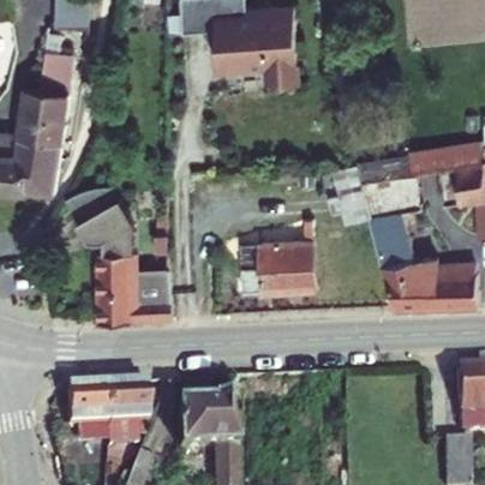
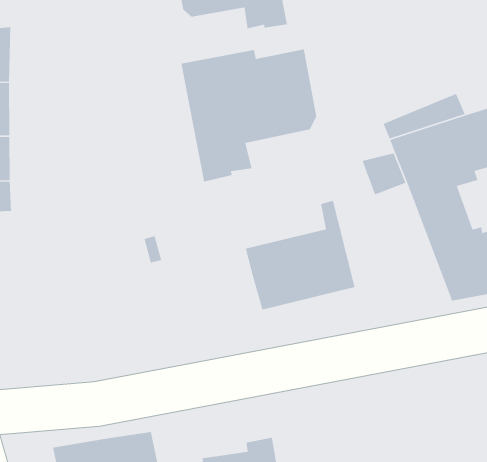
building: none -> [180,49,317,183]
building: [65,196,175,324] -> none

